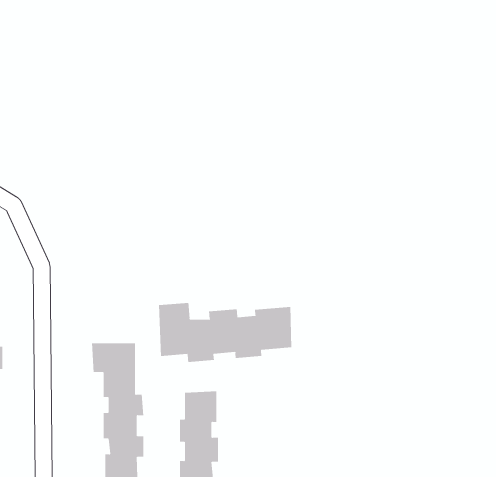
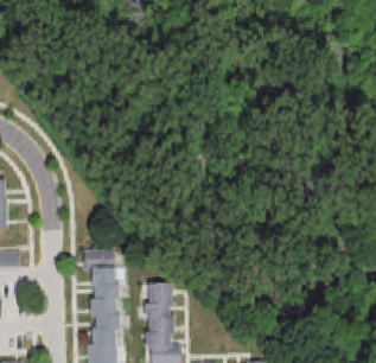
building: [158,302,292,363] -> none

